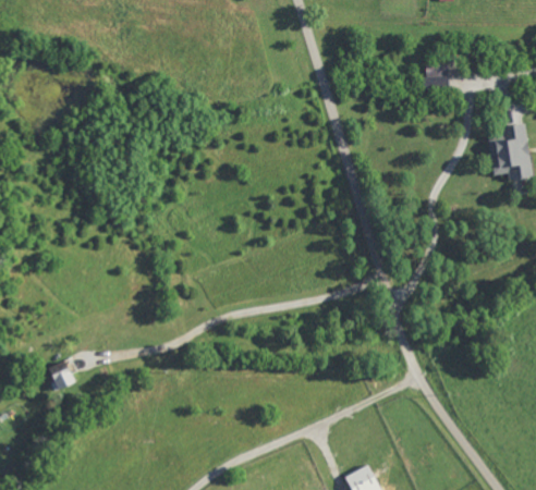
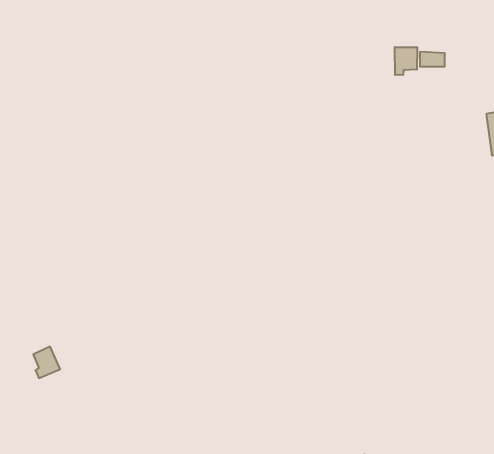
building: none -> [395,47,417,75]

